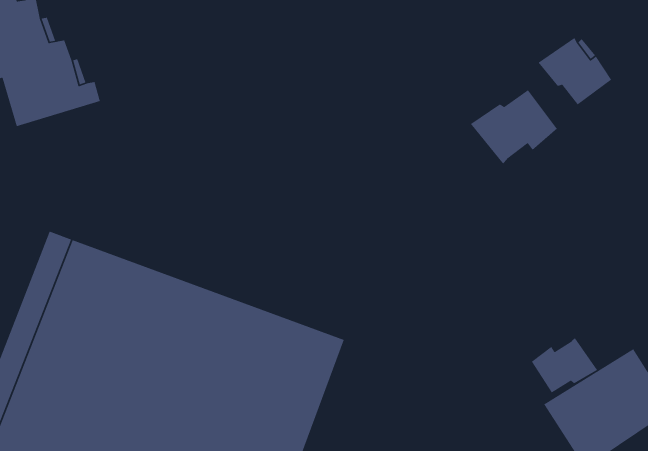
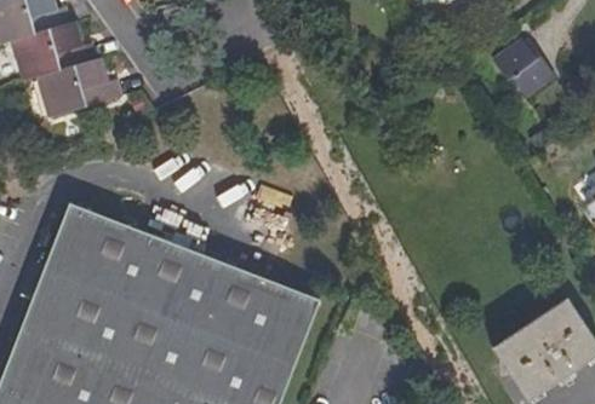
building: [470,89,558,164] -> none
building: [531,337,598,393] -> none

